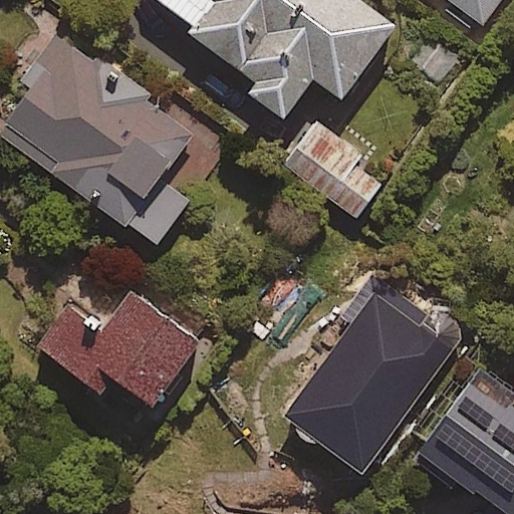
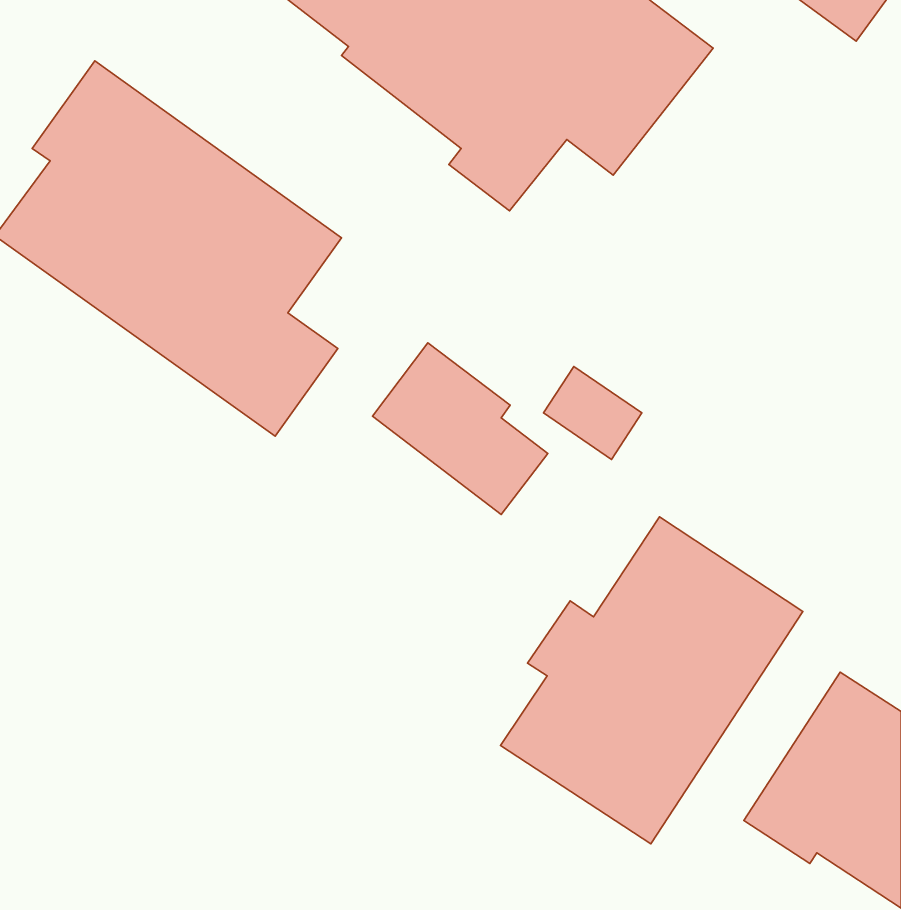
building: [282,121,380,218] -> [373,343,548,514]
building: [36,294,201,406] -> none

